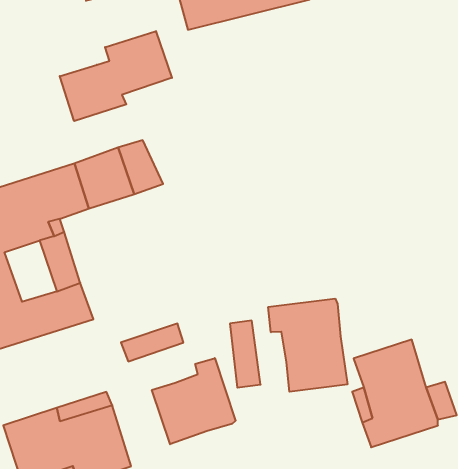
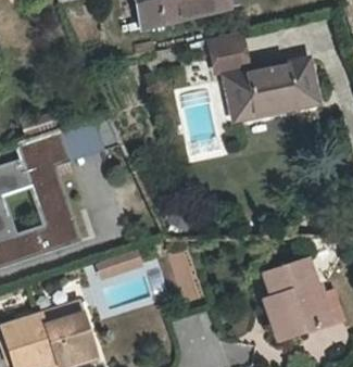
building: [60,31,172,121] -> none
building: none -> [211,35,318,112]
building: [268,299,347,392] -> none
building: [152,358,236,444] -> none

